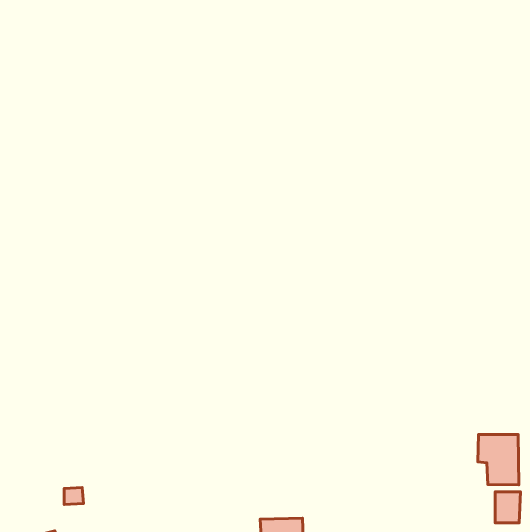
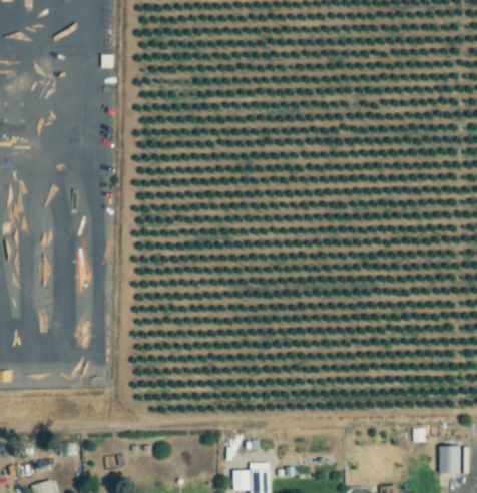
building: [478,434,519,485] -> none

